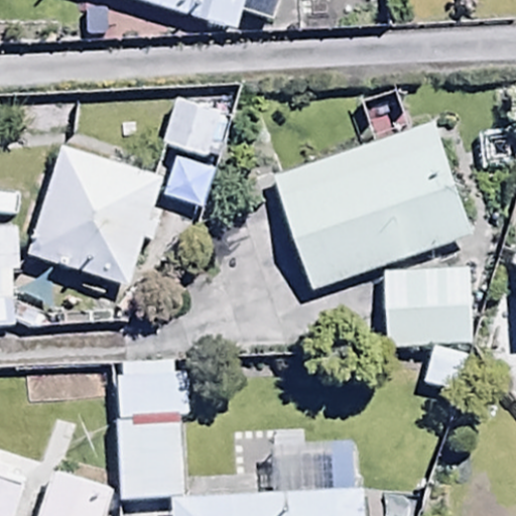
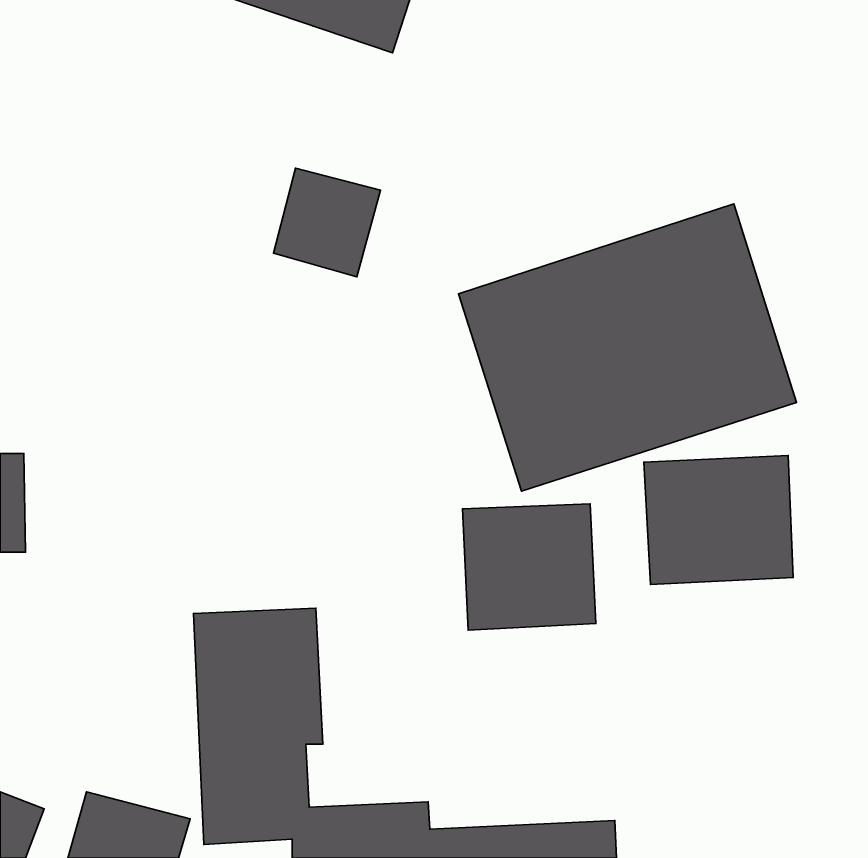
building: [28,146,164,286] -> none
building: none -> [462,504,596,630]

